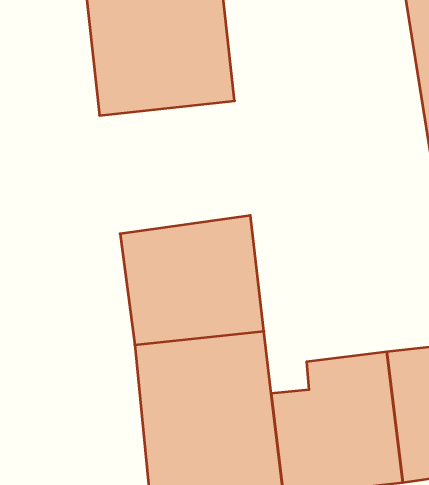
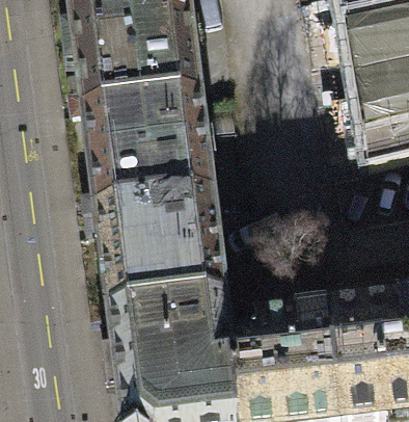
building: none -> [86,91,215,205]

